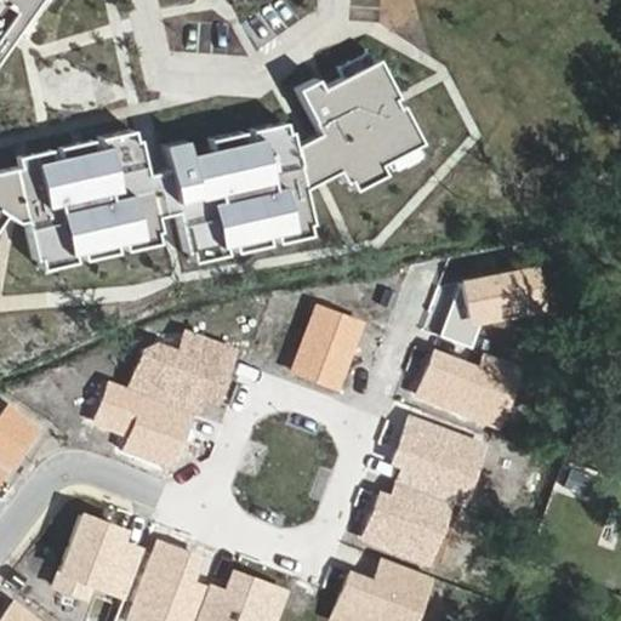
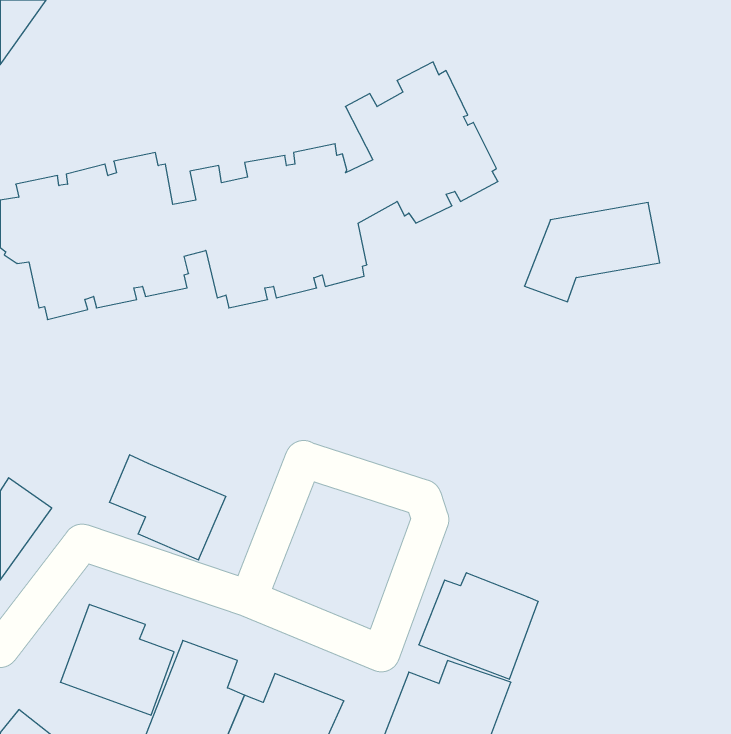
building: [438,264,552,348] -> [524,203,660,302]
building: [290,303,369,392] -> none
building: [129,331,239,420] -> none
building: [414,348,526,431] -> none
building: [389,412,490,505] -> none

